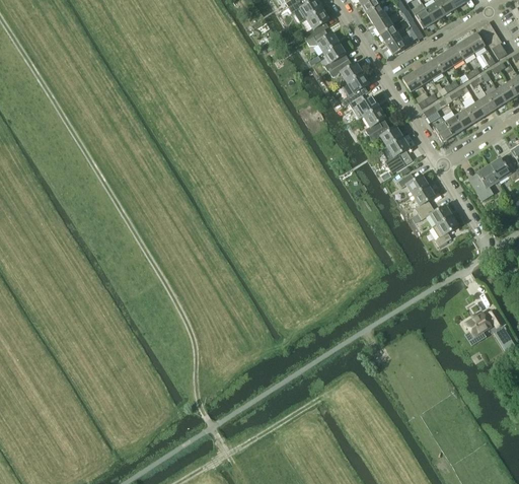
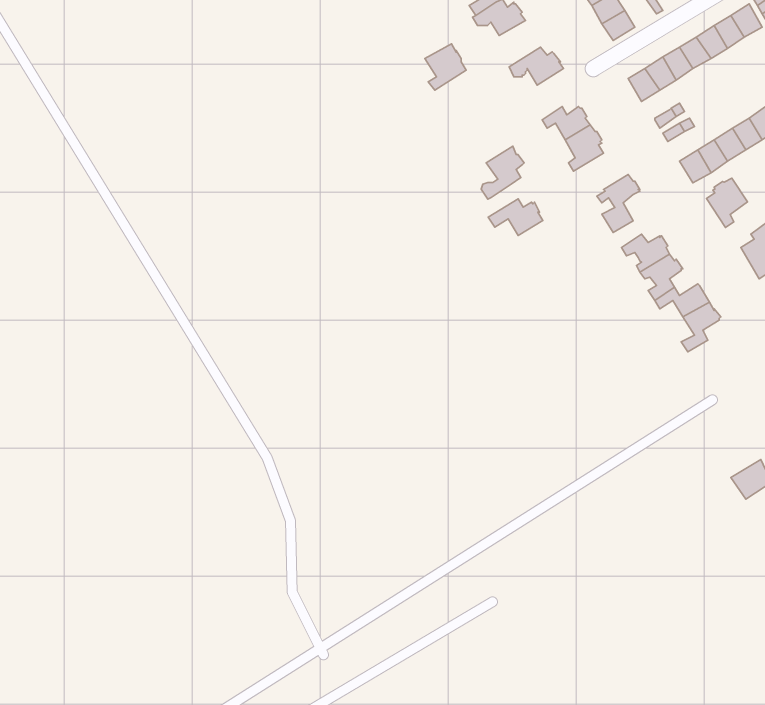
building: [322,42,348,70] -> [425,44,466,90]
building: [343,71,369,103] -> [481,146,524,199]
building: [368,123,401,145] -> [488,199,543,235]
building: none -> [707,178,748,227]

